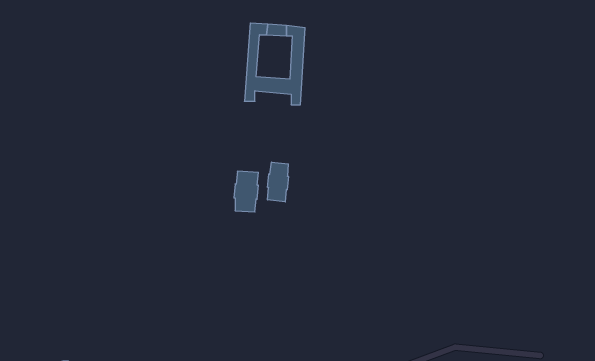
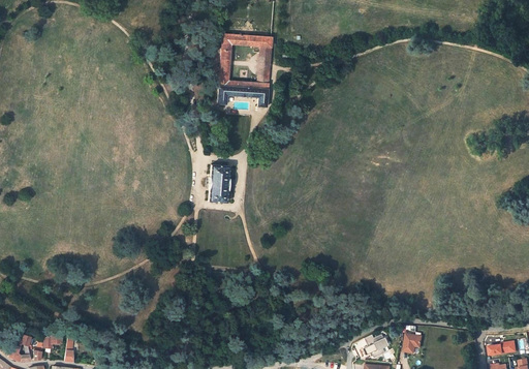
building: [268,162,288,202] -> none

